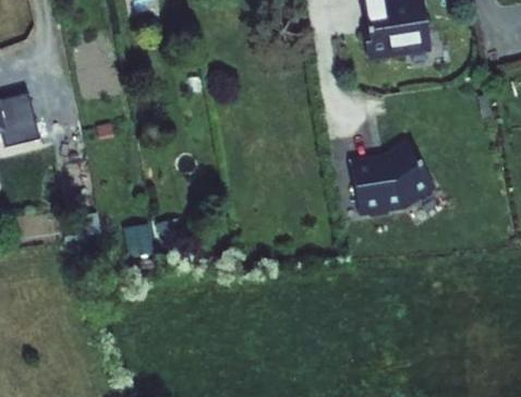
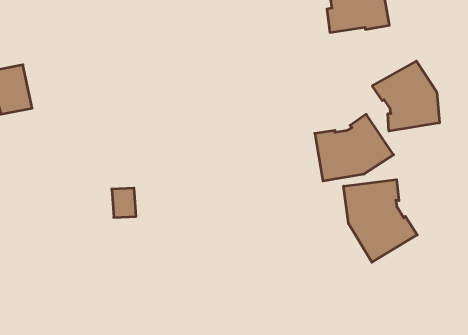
building: none -> [372,61,439,131]
building: none -> [344,180,417,262]

